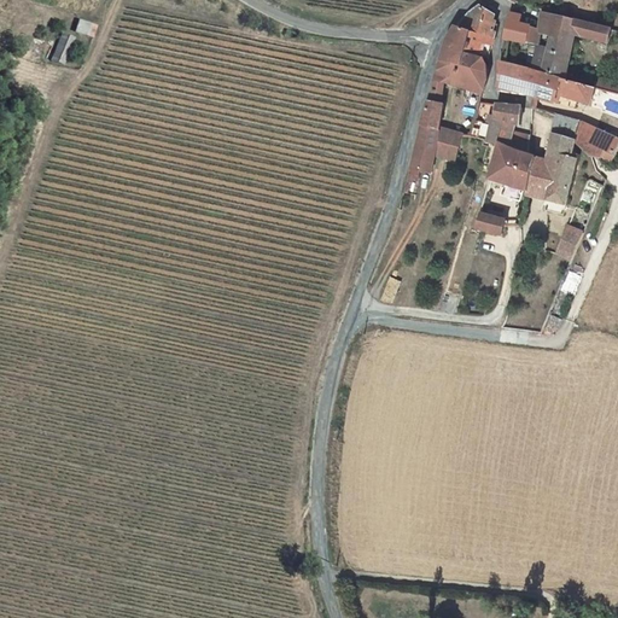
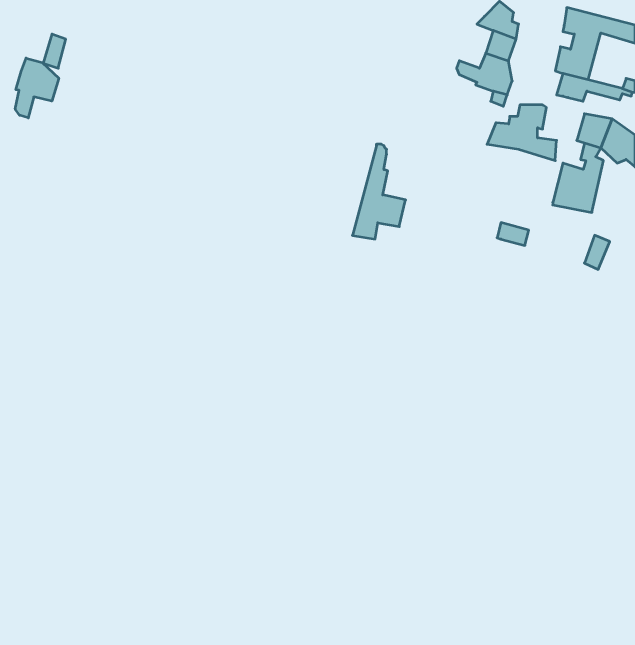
building: [505,10,538,42] -> none
building: [438,24,471,66] -> none
building: none -> [15,58,59,118]
building: [501,60,537,92] -> none
building: [408,81,459,171] -> [352,144,406,239]
building: [486,144,537,194] -> none

